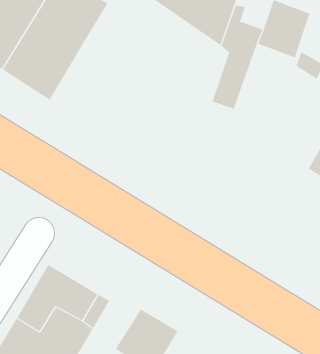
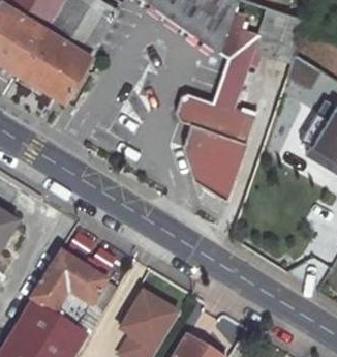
building: none -> [175,92,253,199]

